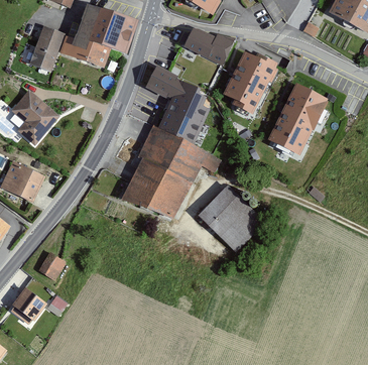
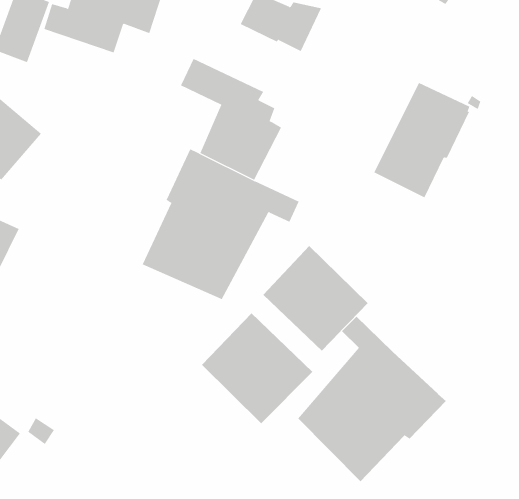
building: [222,52,277,115] -> none
building: none -> [201,313,313,424]
building: none -> [297,316,447,482]
building: [38,251,66,278] -> none

